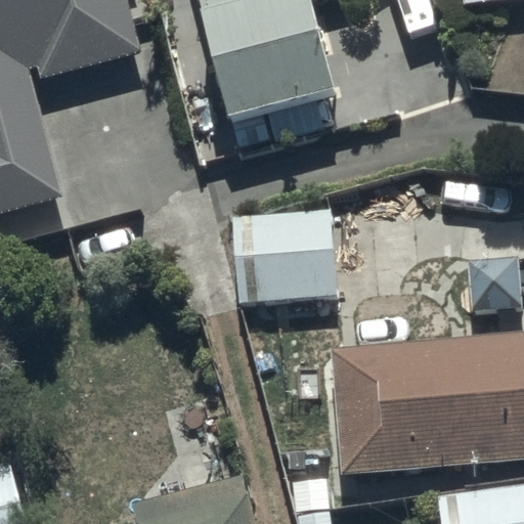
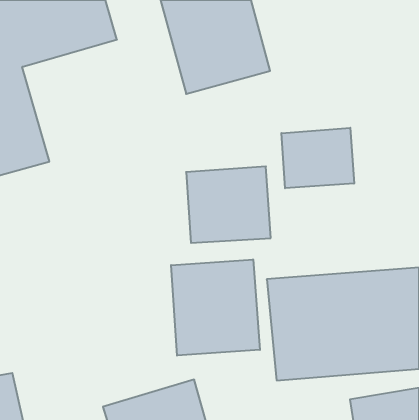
building: none -> [281,128,354,188]
building: none -> [171,259,260,356]

